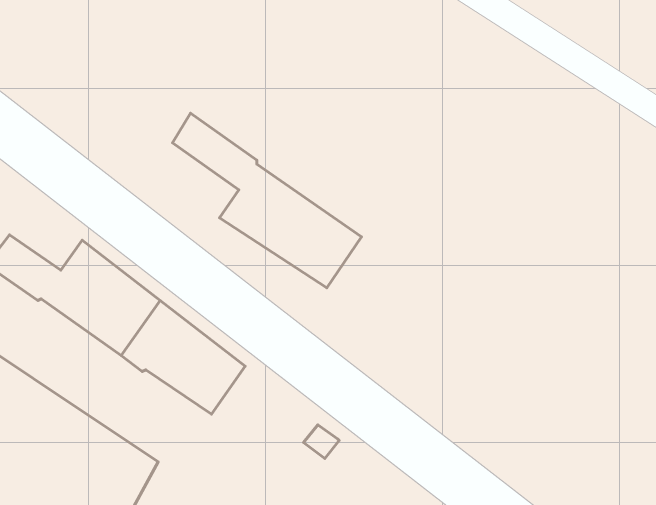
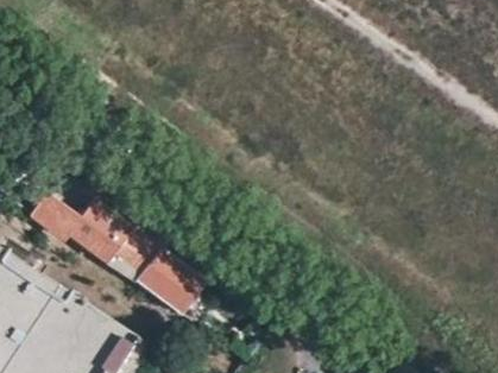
building: [173,113,361,288] -> none

